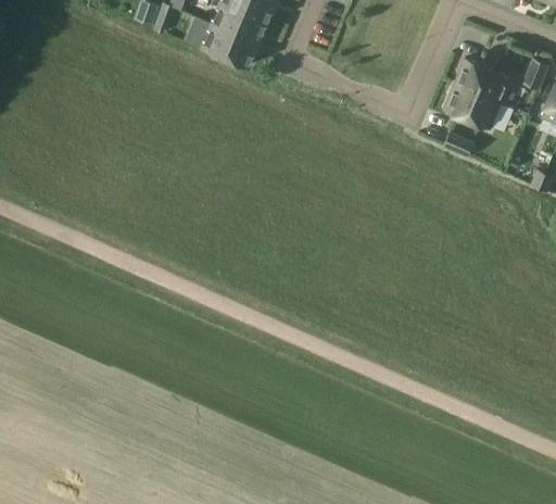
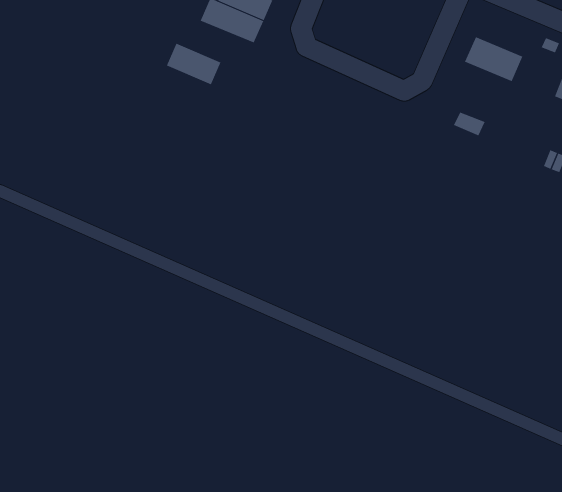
building: none -> [166,43,221,85]
building: [444,81,502,126] -> none

